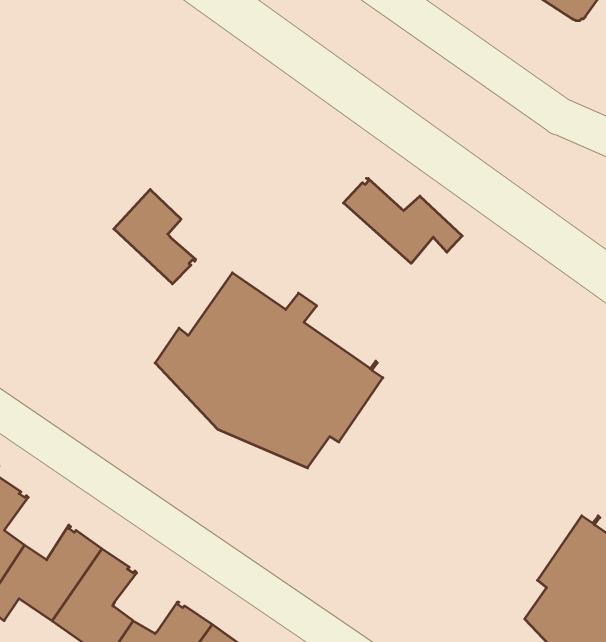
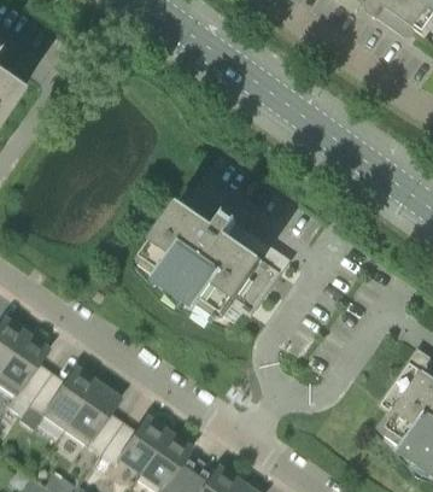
building: [343,178,462,263] -> none
building: [114,189,196,284] -> none

